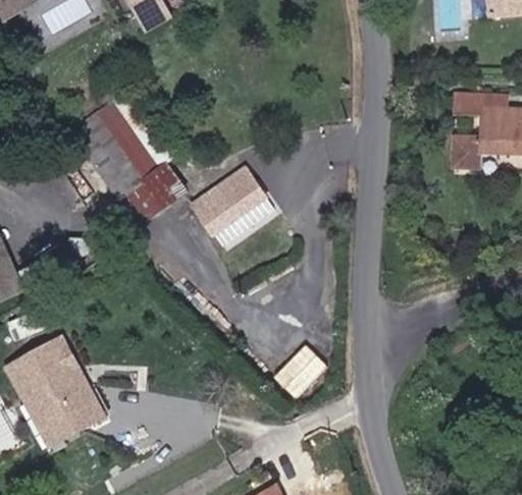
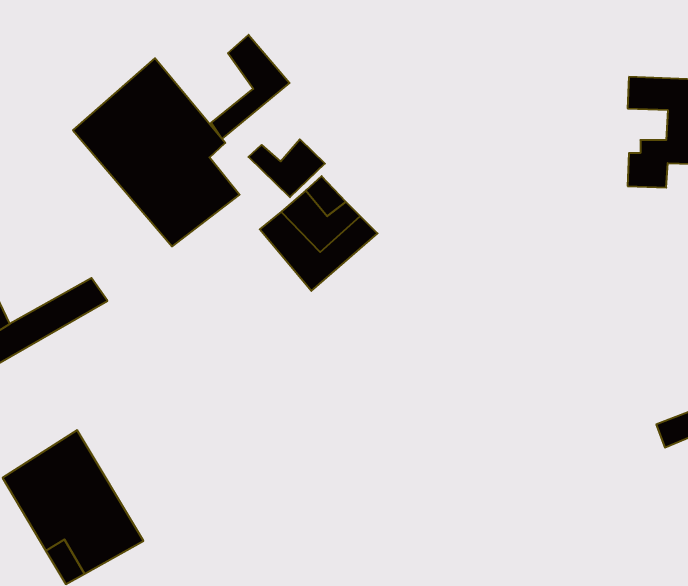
building: none -> [211,35,290,139]
building: none -> [248,139,325,197]
building: [272,345,326,399] -> none

